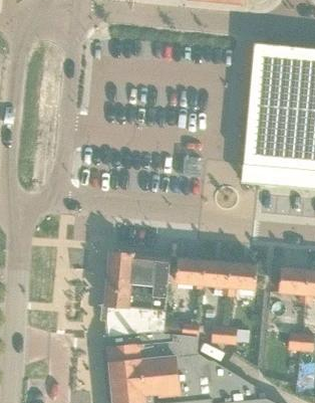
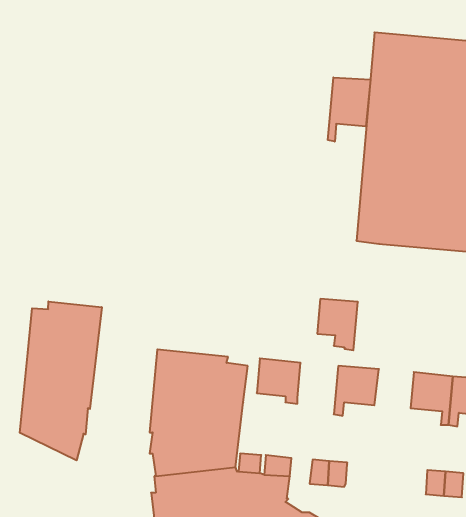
building: none -> [328,77,370,142]
building: none -> [20,301,102,460]
building: [203,262,230,296] -> [317,299,358,350]

